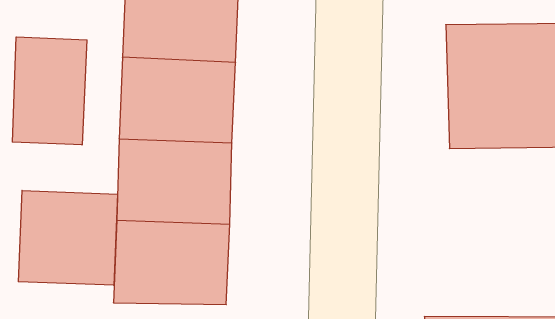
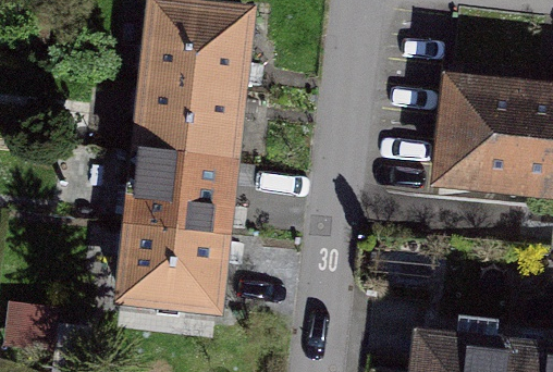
building: [12,37,87,145] -> none
building: [18,190,118,285] -> none

